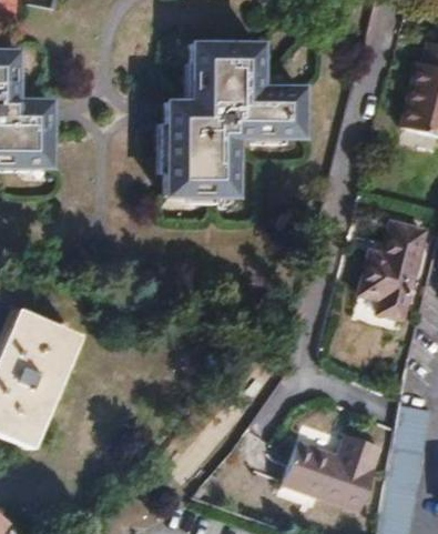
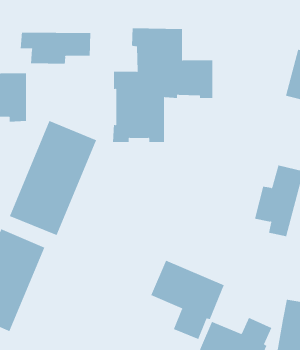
building: none -> [20,32,91,65]
building: none -> [9,120,97,236]
building: none -> [151,260,225,340]

